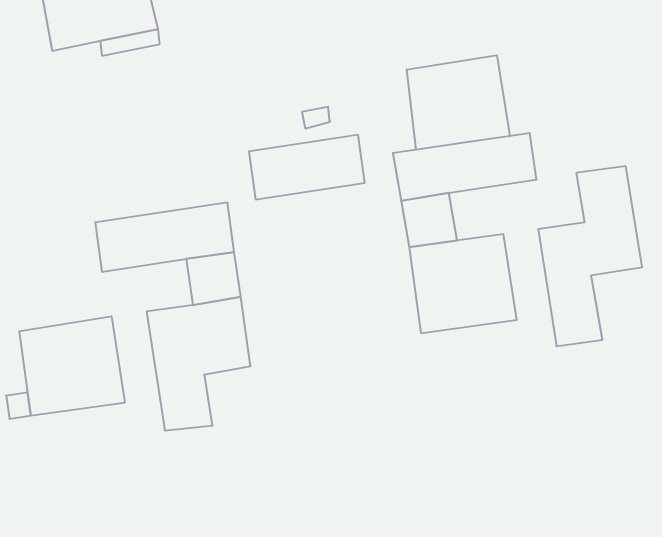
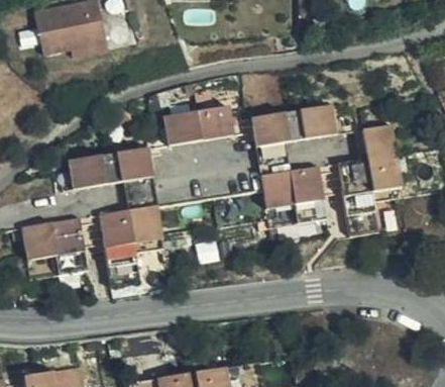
building: [407,55,510,150] -> none

